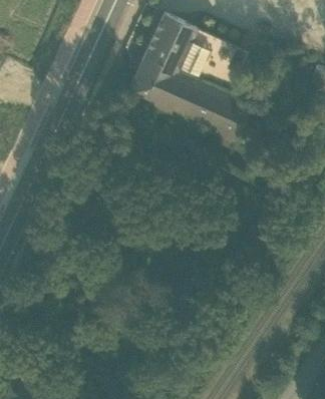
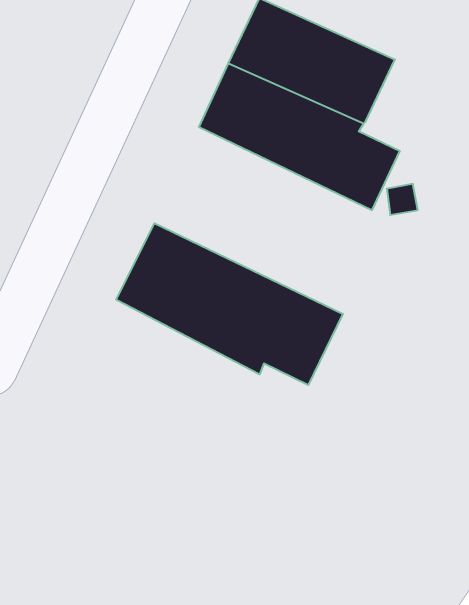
building: none -> [116,223,343,385]

